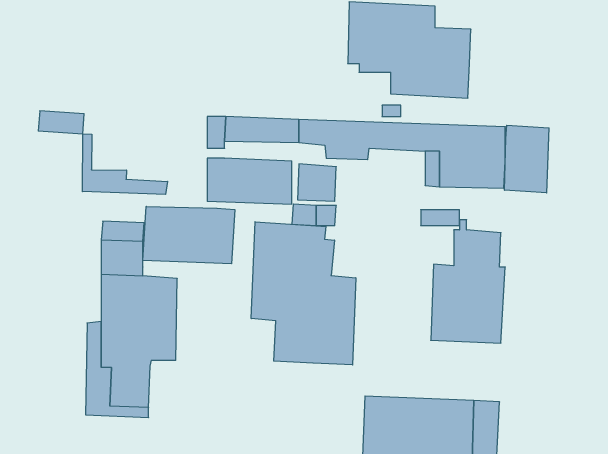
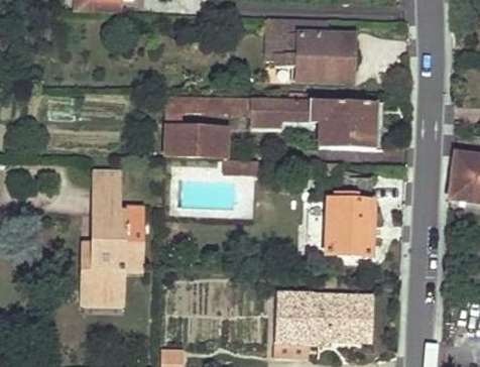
building: [505,125,549,193] -> none
building: [82,134,168,194] -> none
building: [143,206,235,264] -> none
building: [251,222,356,365] -> none

